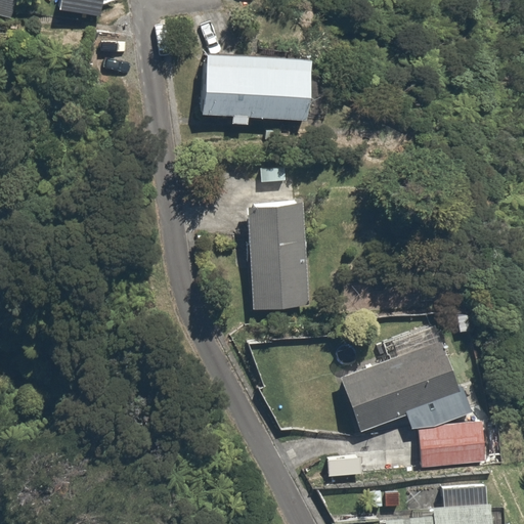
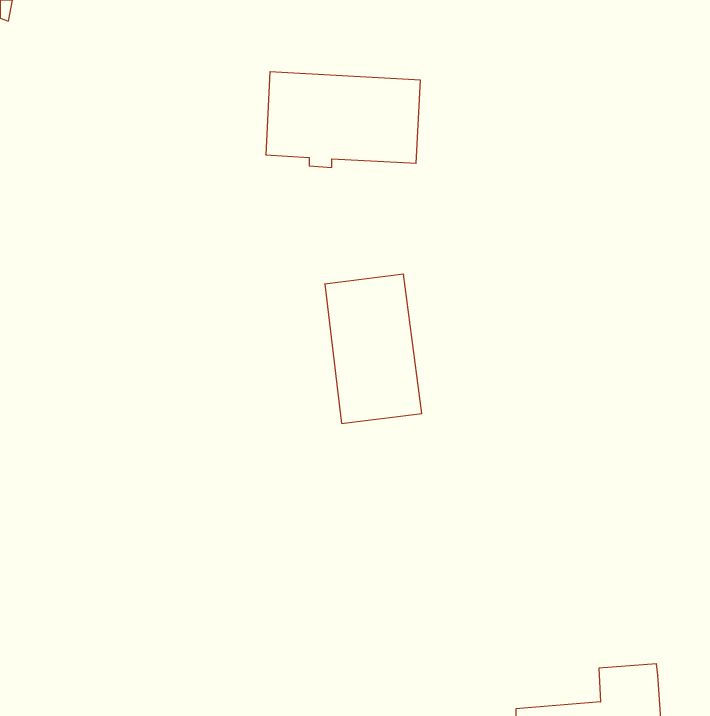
building: [341,340,462,430] -> none
building: [419,410,488,467] -> none

